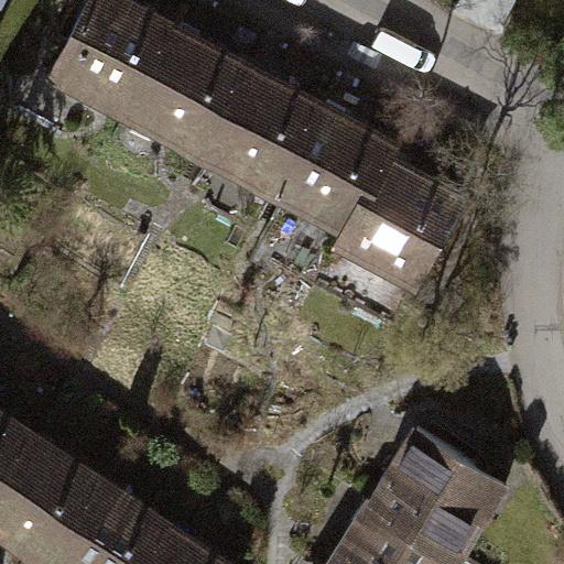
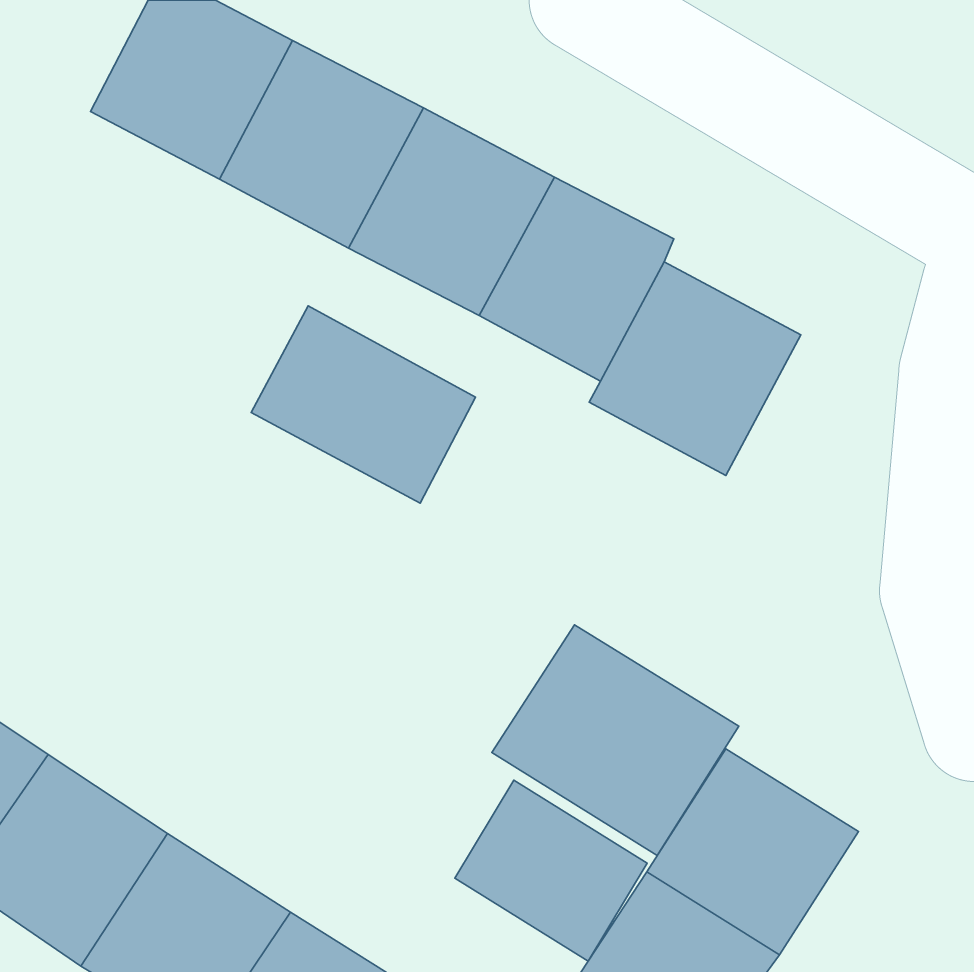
building: none -> [251,306,476,503]
building: none -> [492,625,739,856]
building: none -> [455,780,647,961]

